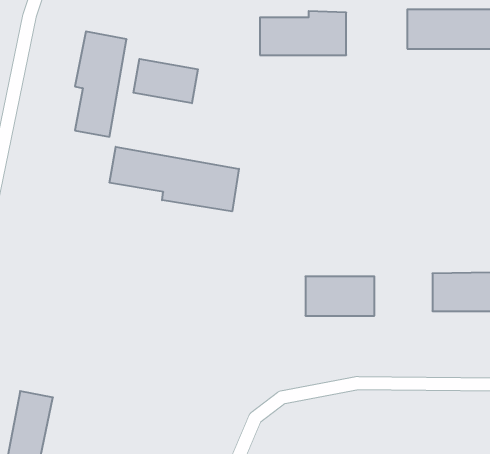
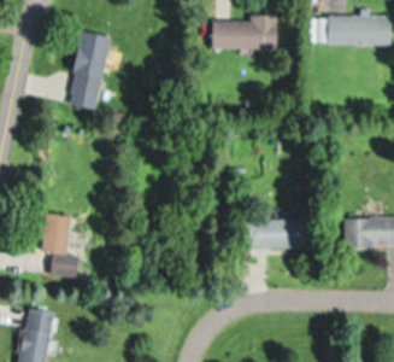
building: [133,59,198,103] -> none
building: [110,147,239,211] -> none
building: none -> [42,215,82,279]

